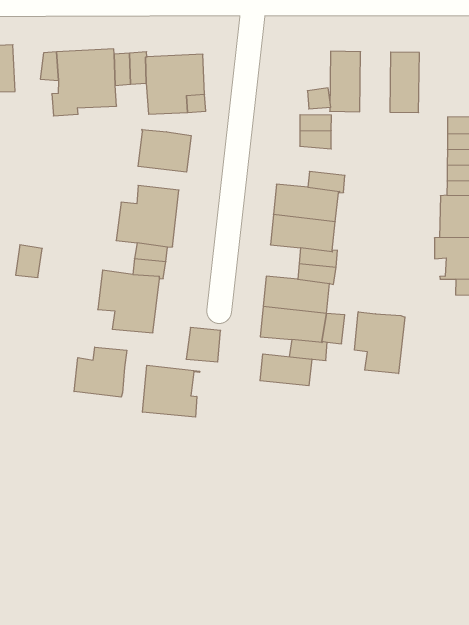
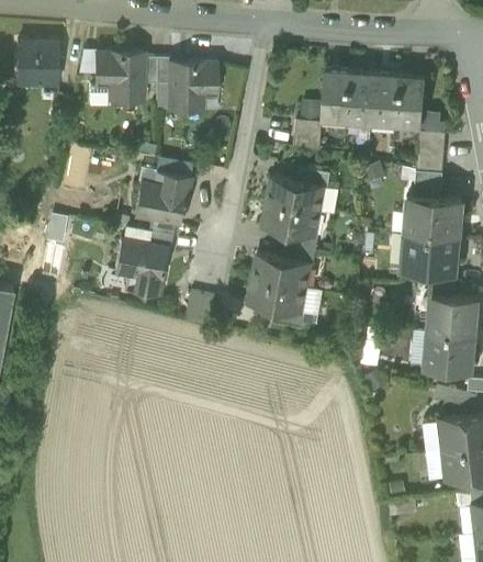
building: none -> [346,71,375,124]
building: none -> [395,76,425,128]
building: [138,129,191,172] -> none
building: [355,312,405,374] -> none
building: [74,347,127,397] -> none
building: [260,354,312,386] -> none
building: [143,365,200,417] -> none

